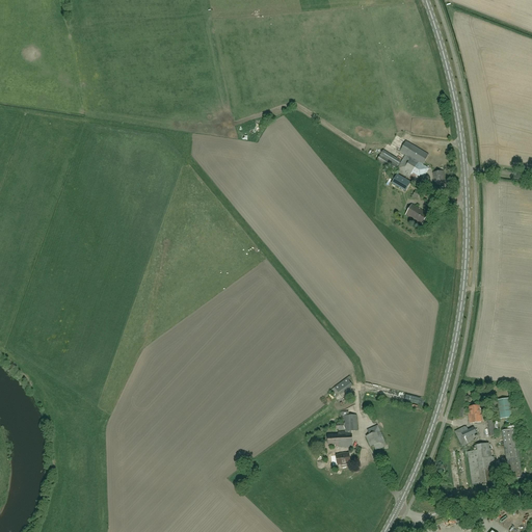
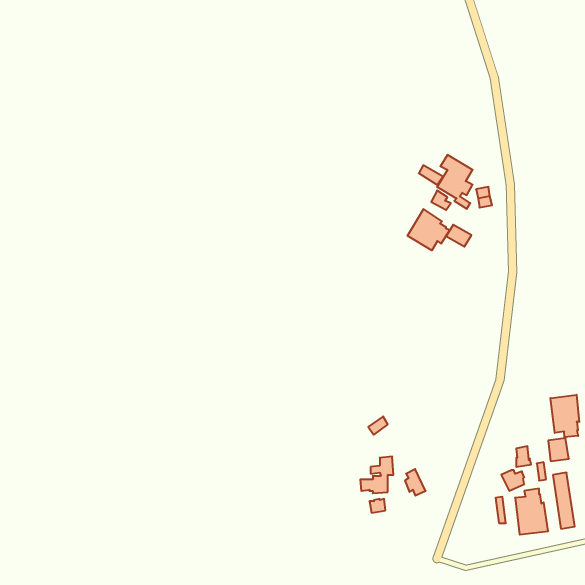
building: none -> [408,209,450,250]
building: none -> [550,395,579,437]

